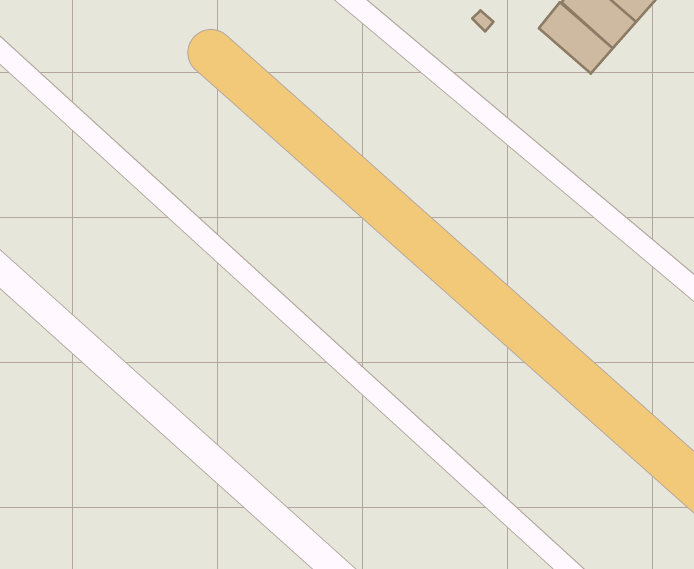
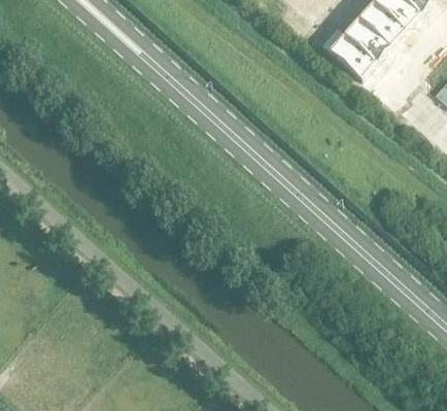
building: none -> [328,30,377,76]

